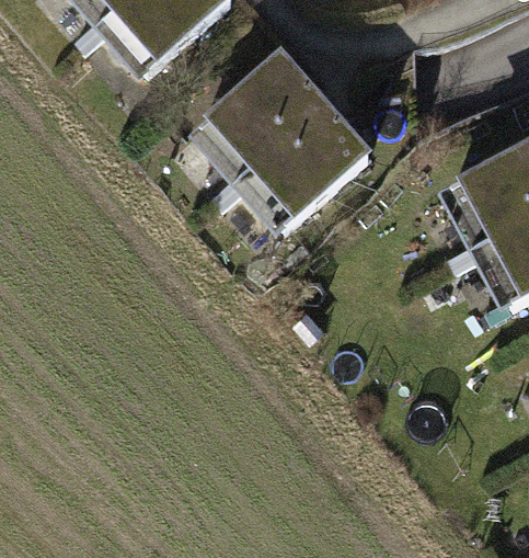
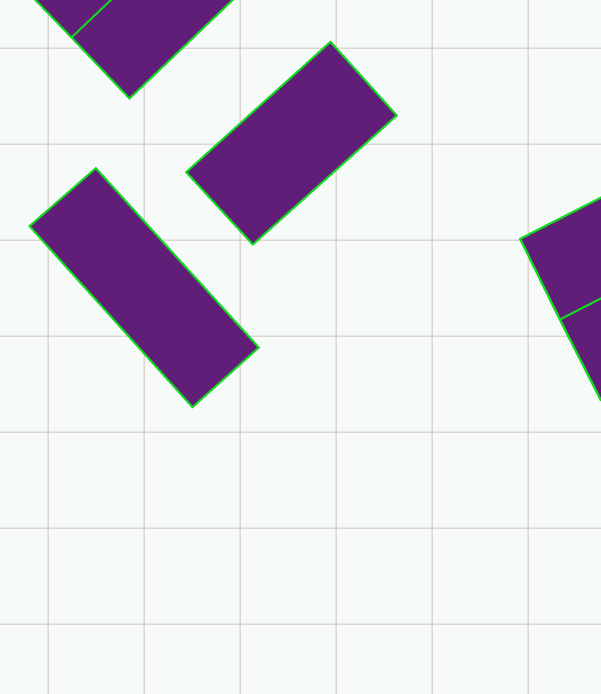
building: [232,94,388,243] -> none
building: none -> [29,168,259,407]

